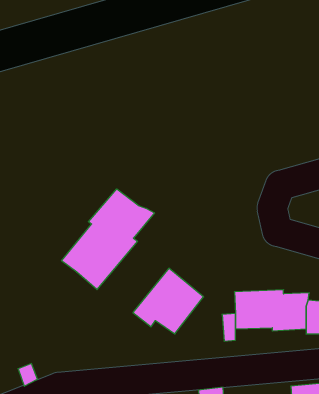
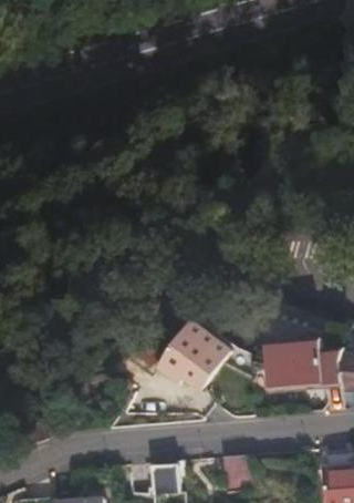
building: [62,189,154,290] -> none

